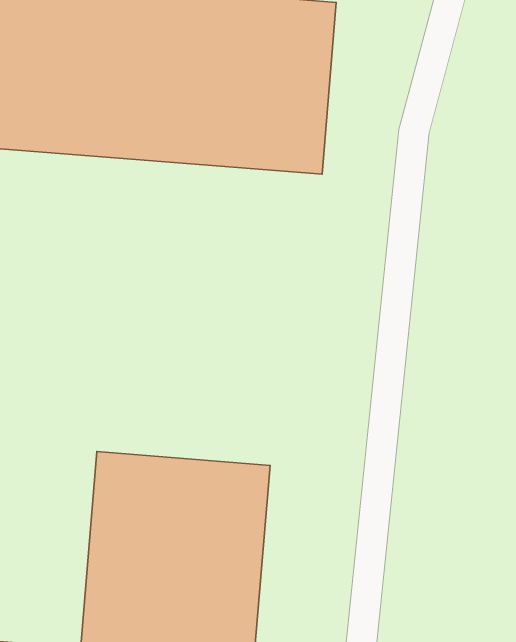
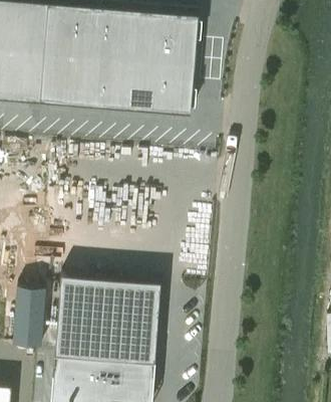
building: none -> [12,289,42,348]

